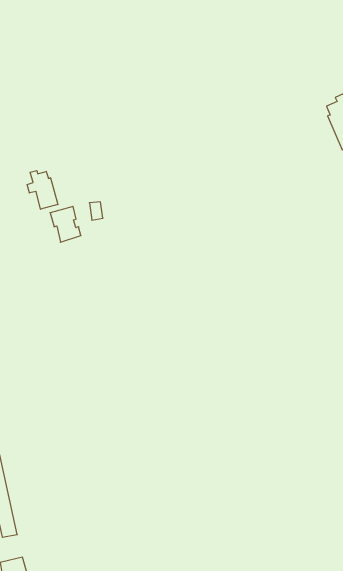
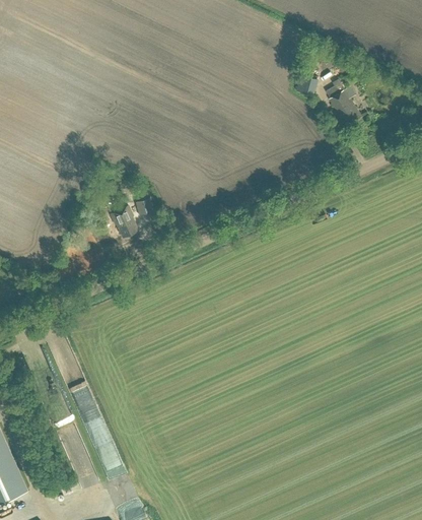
building: [27,171,58,209] -> none

